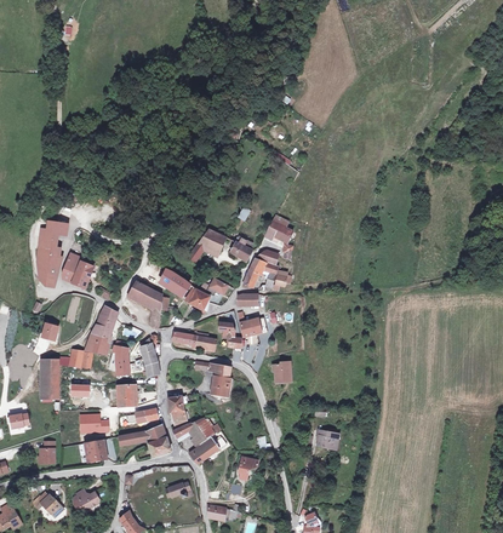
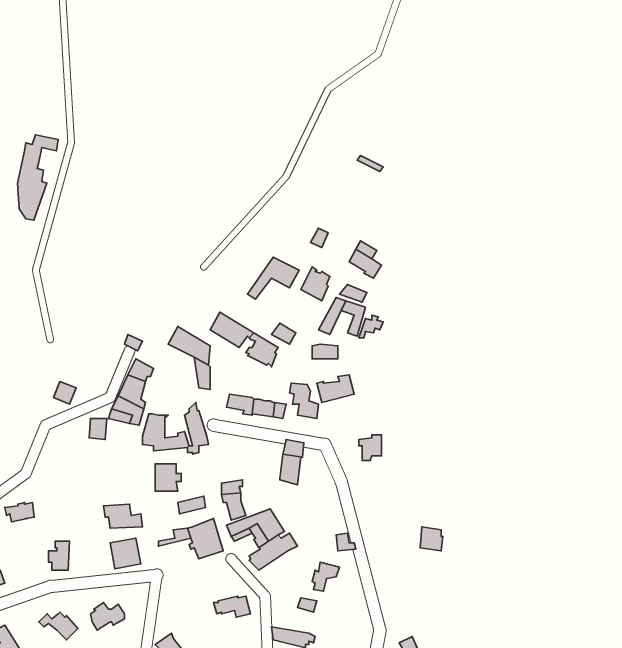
building: [40,220,70,285] -> [18,135,58,220]
building: [63,253,93,287] -> none
building: [39,361,57,400] -> none

